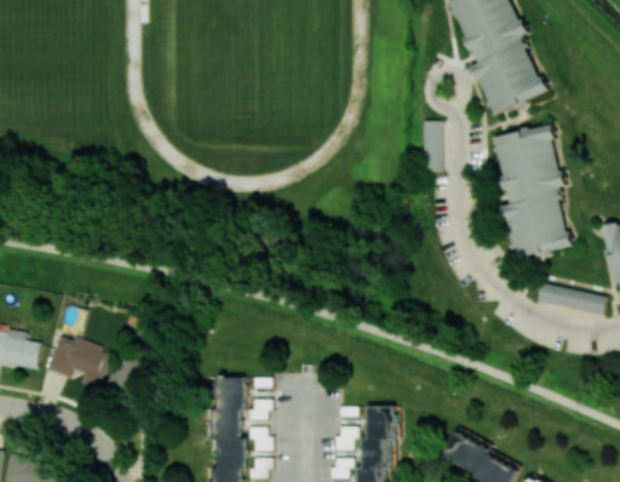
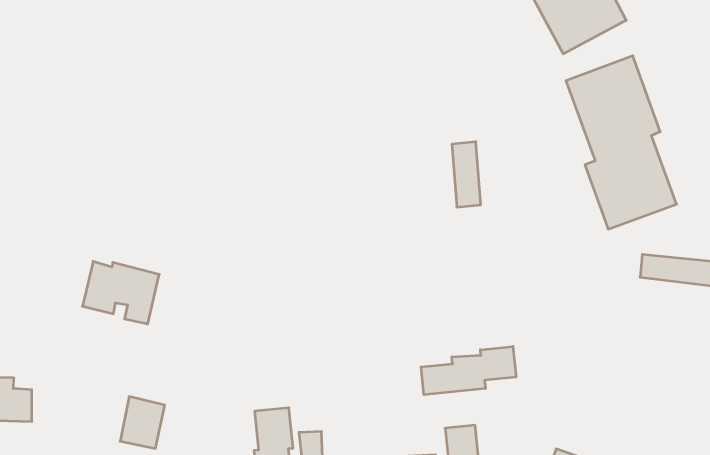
building: [421,121,442,172] -> [452,142,481,207]
building: [46,335,110,390] -> [82,261,159,324]
building: none -> [421,346,516,395]

